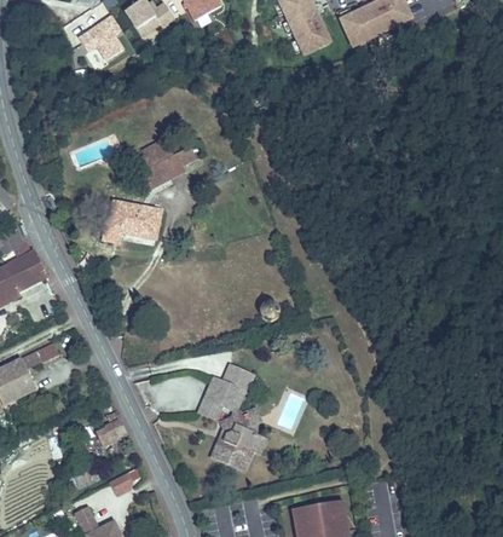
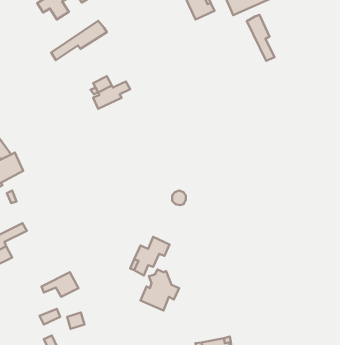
building: none -> [247,15,274,61]
building: none -> [51,21,107,60]
building: [109,201,167,236] -> none

